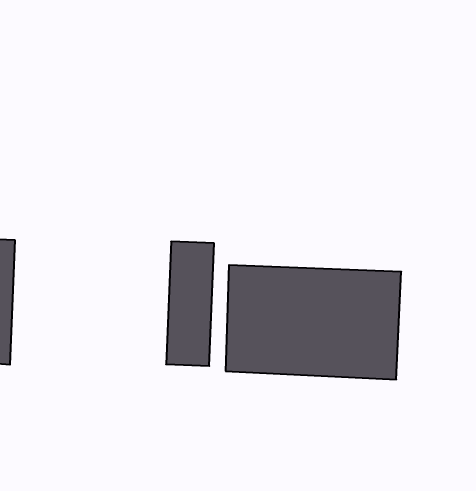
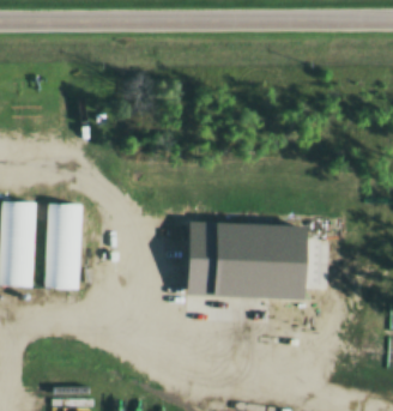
building: [166,242,214,366] -> [46,203,80,292]

